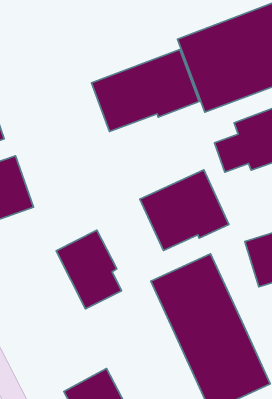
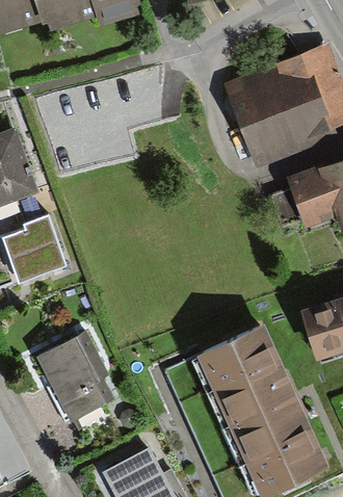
building: [91,49,199,132] -> none
building: [140,170,229,251] -> none
building: [56,230,122,309] -> [39,334,111,420]

